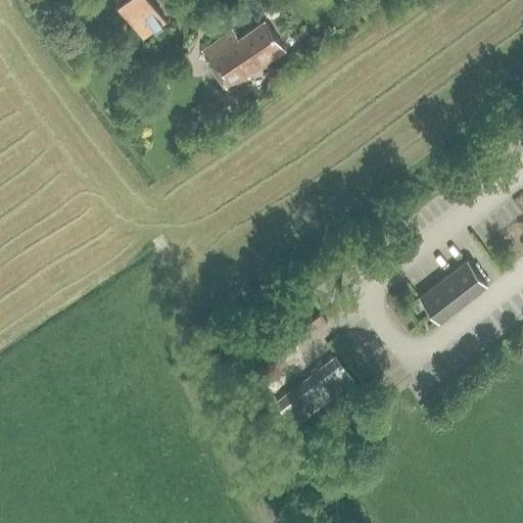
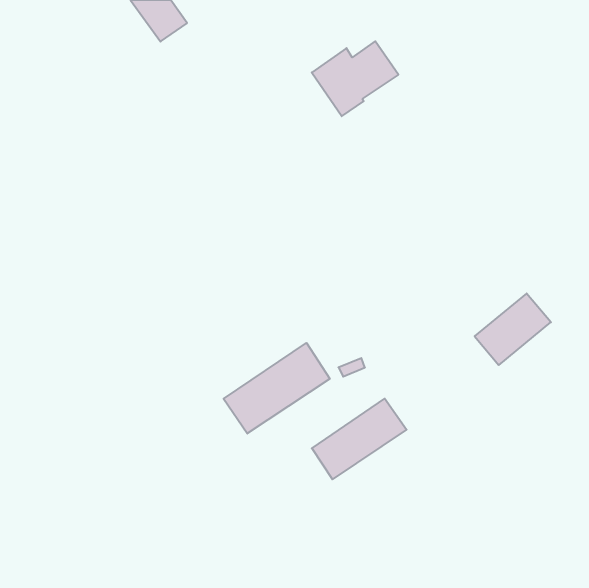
building: [202,26,279,92] -> [312,41,398,116]
building: none -> [224,343,330,434]

